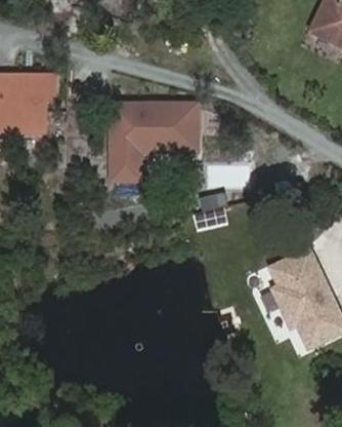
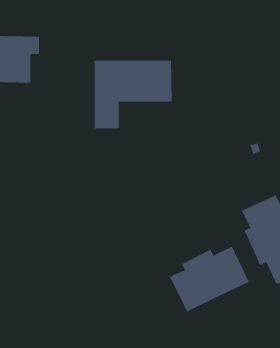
building: none -> [169,246,249,312]

